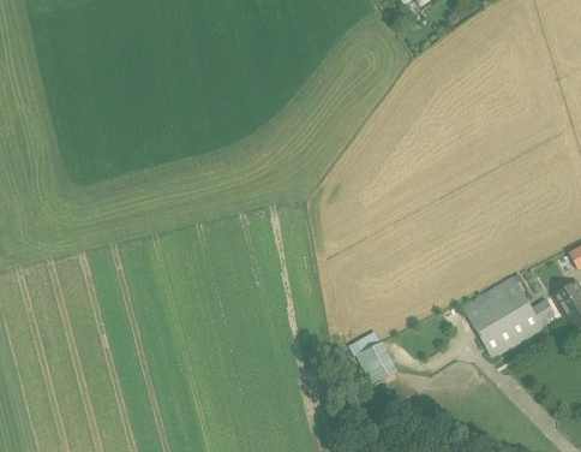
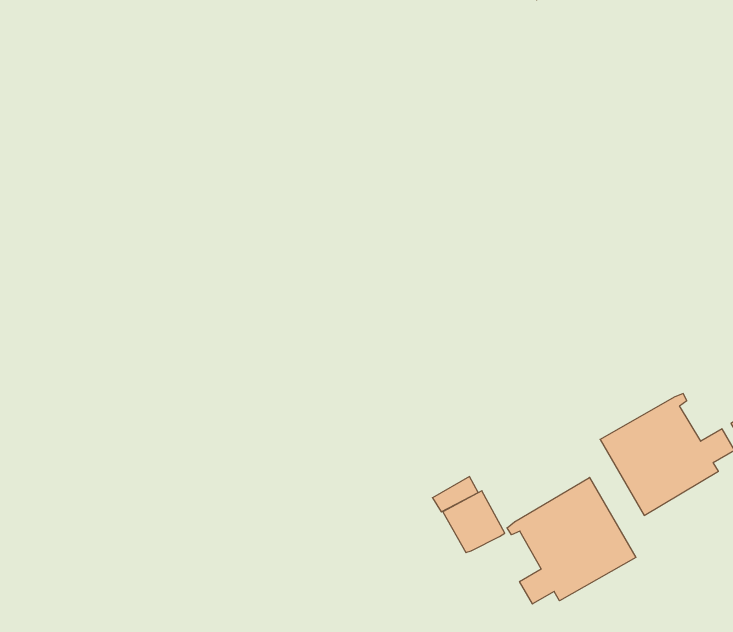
building: none -> [507,477,636,604]

